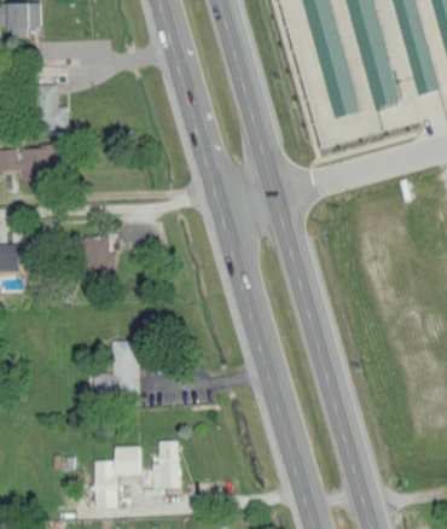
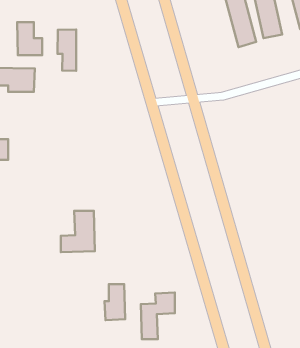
building: none -> [58,30,76,71]
building: [86,234,117,275] -> none
building: [97,443,143,506] -> [141,293,175,339]

